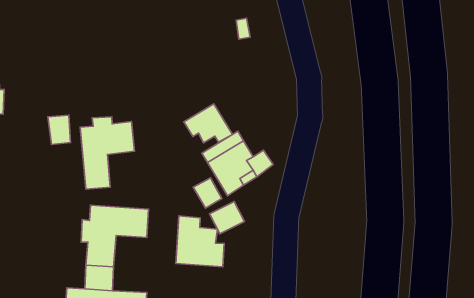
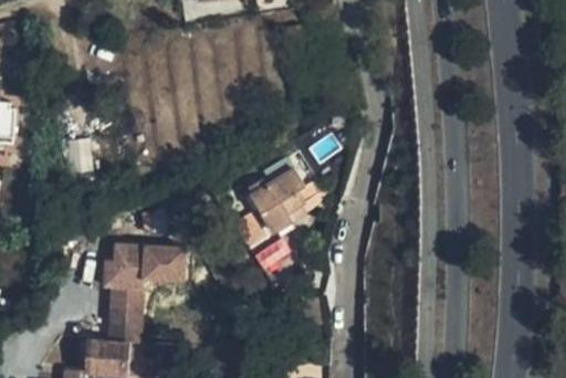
building: [184,104,233,143] -> none
building: [80,117,134,189] -> none
building: [176,216,224,267] -> none

